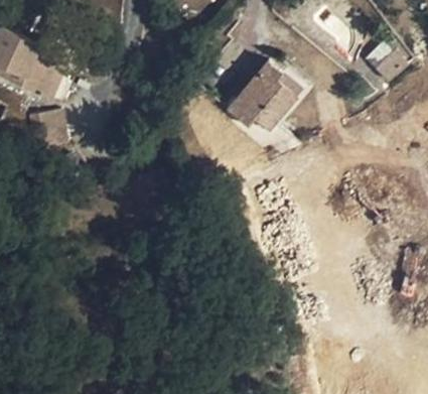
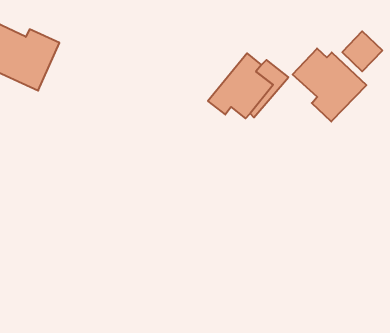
building: none -> [293,48,366,122]
building: [28,111,65,151] -> none

